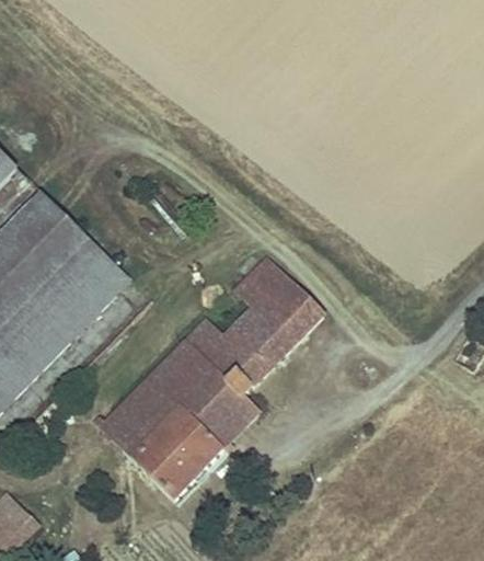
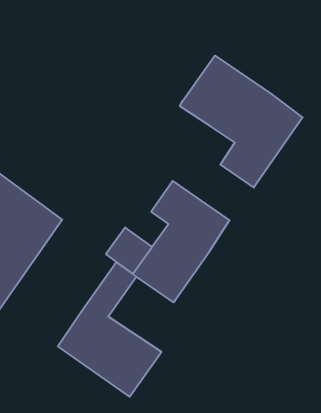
building: none -> [180,56,303,188]
building: [164,363,256,454] -> none

